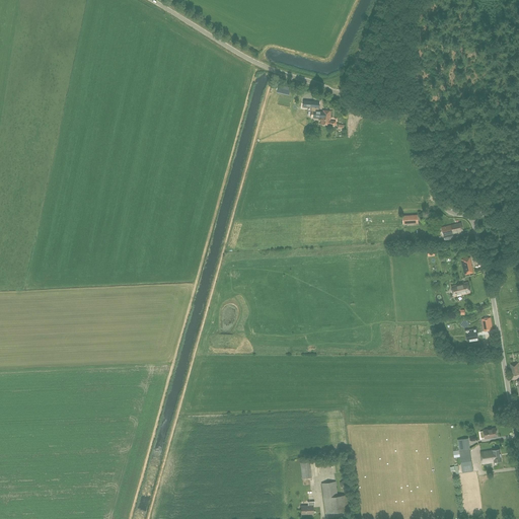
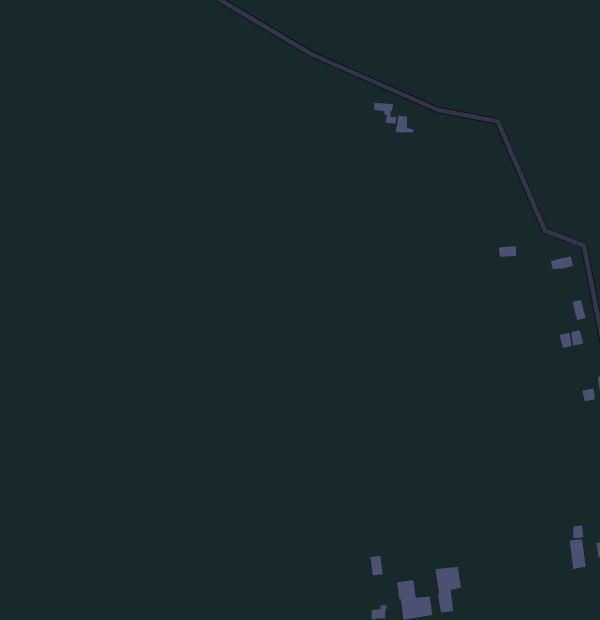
building: none -> [435,566,461,613]

